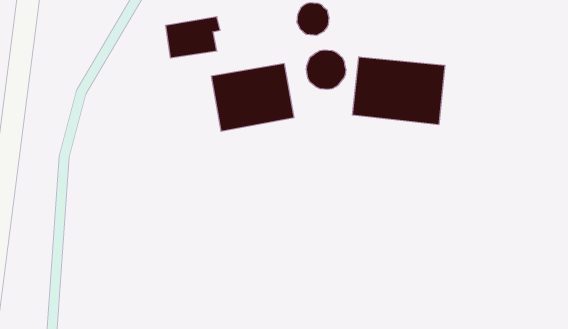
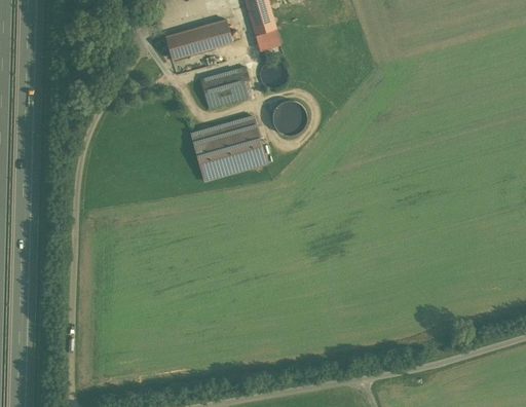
building: [165,17,220,58] -> [201,67,250,107]
building: [353,57,445,125] -> none

